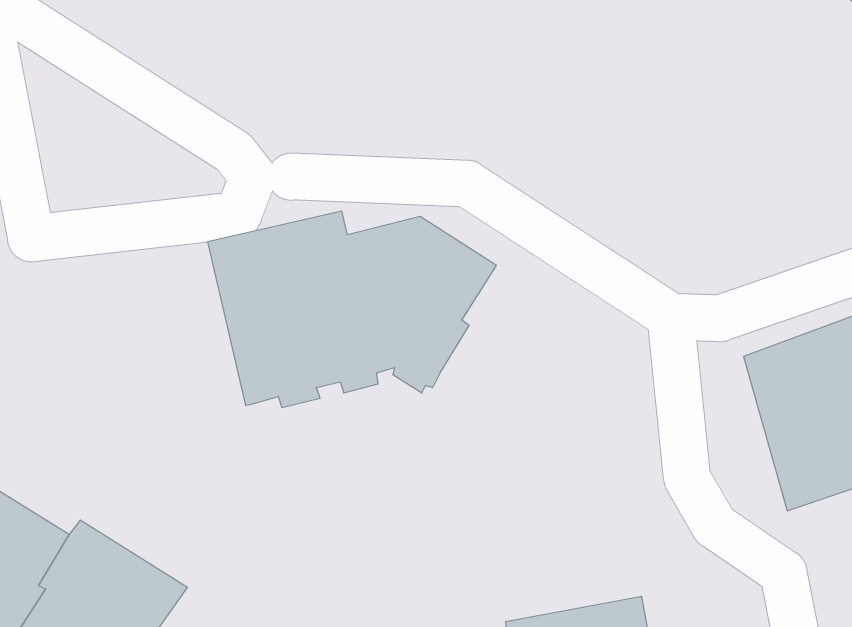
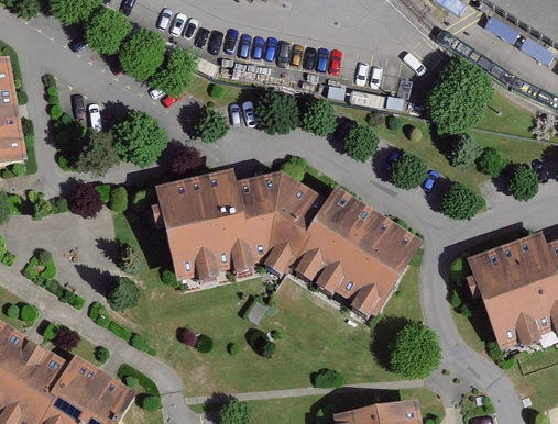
building: none -> [294,186,425,317]

